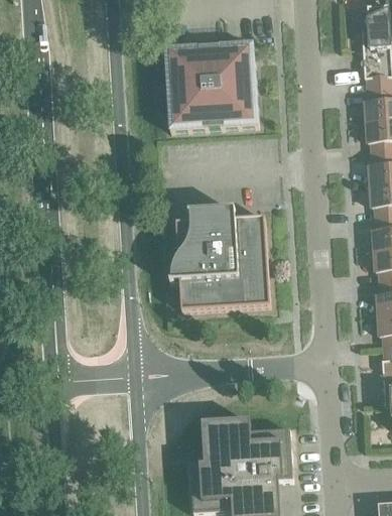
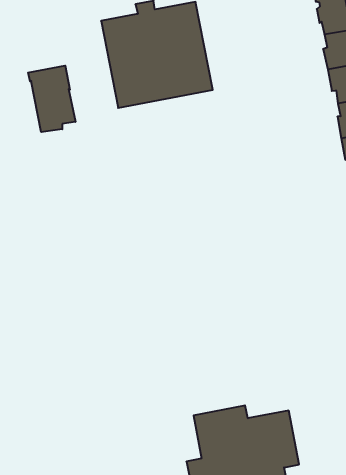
building: none -> [28,66,75,132]
building: [175,208,269,309] -> none

